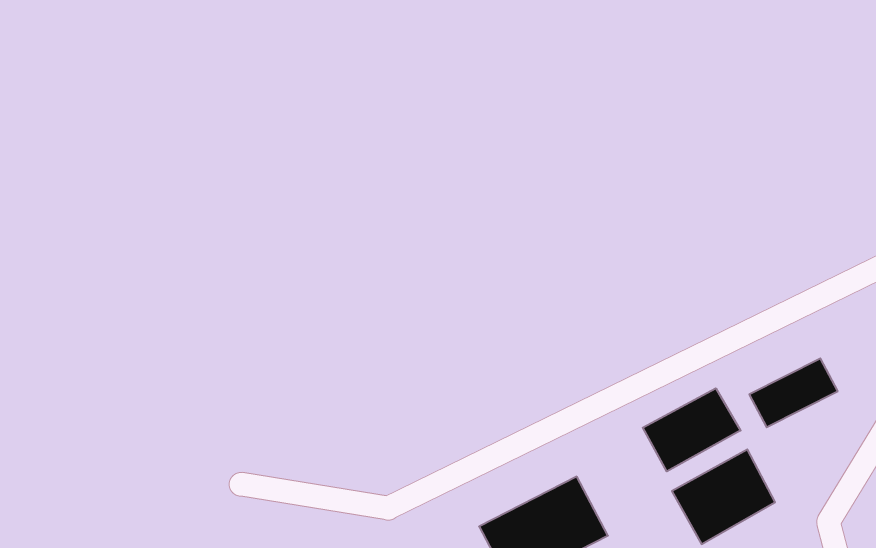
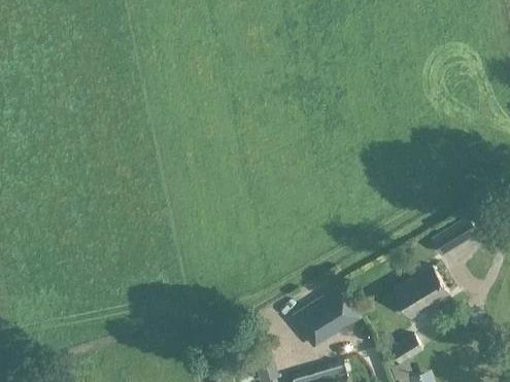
building: [643,388,741,471] -> none

